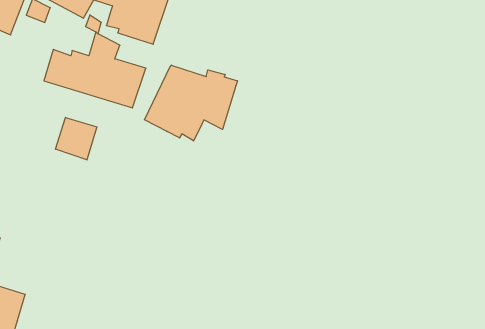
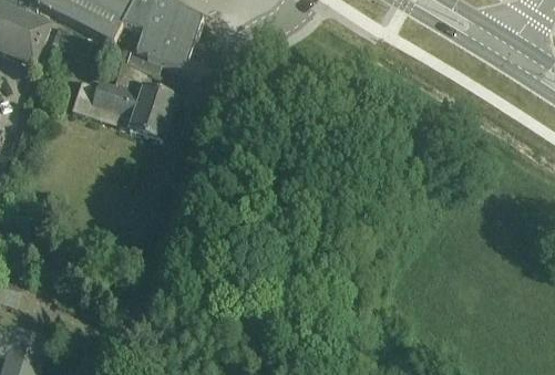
building: [145,65,237,141] -> none
building: [56,117,97,160] -> none

